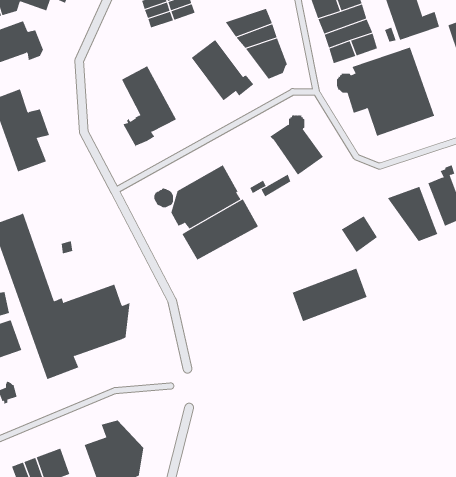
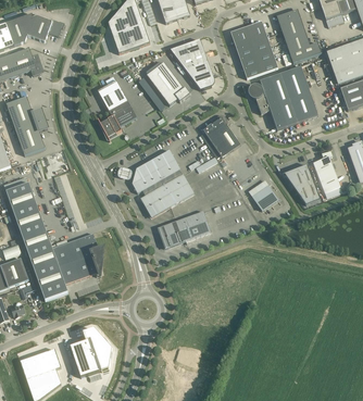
building: [292,268,368,322] -> [157,210,210,248]

